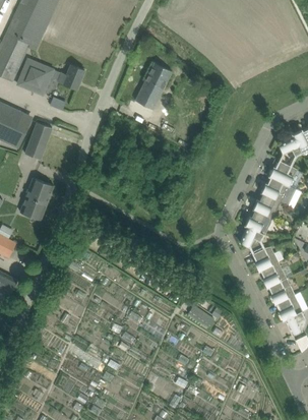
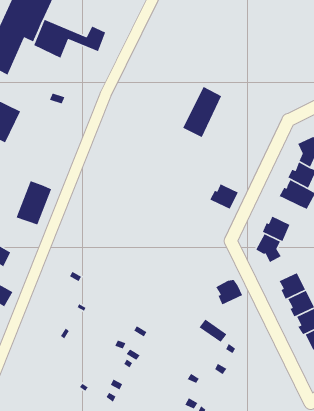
building: [17,59,84,96] -> [33,19,106,59]
building: [135,62,172,110] -> [182,86,222,138]
building: [24,124,52,161] -> none
building: [253,193,281,219] -> [209,182,239,210]
building: [253,247,279,272] -> [215,279,243,306]

